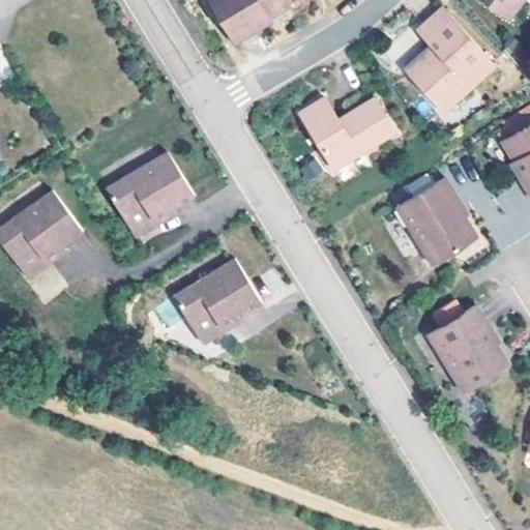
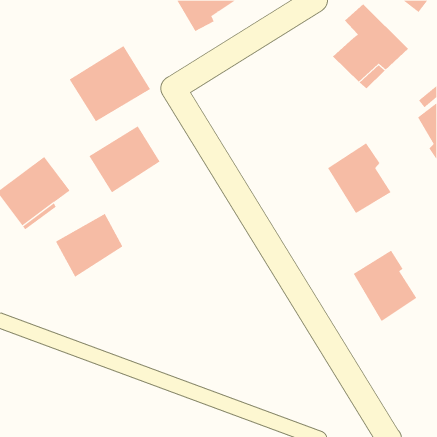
building: none -> [69,45,151,122]
building: [298,95,394,173] -> none
building: [178,261,260,338] -> [55,213,123,277]

